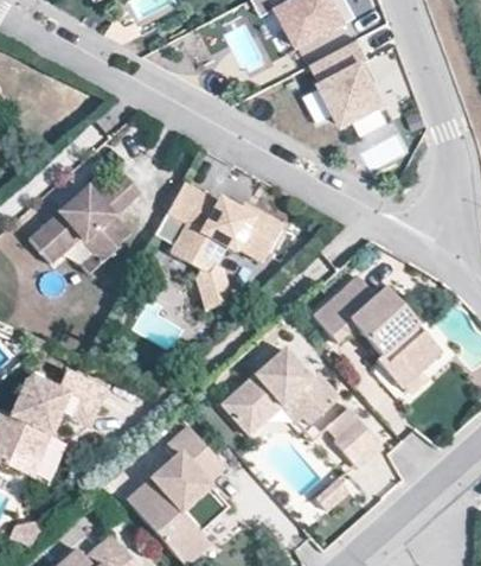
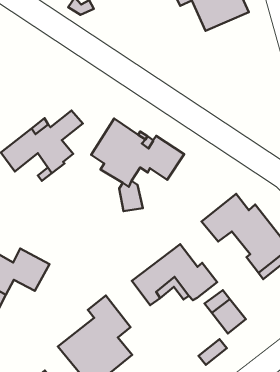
building: [312,43,386,128] -> none

